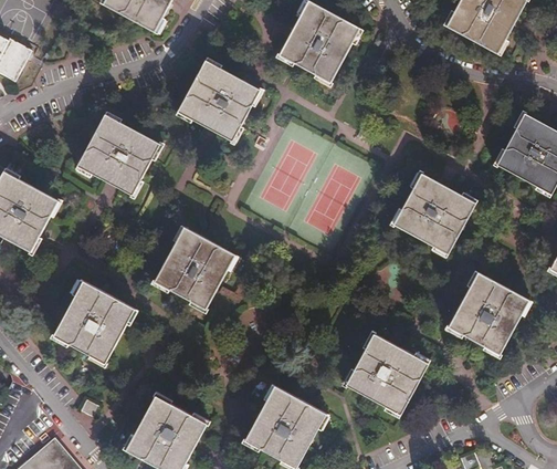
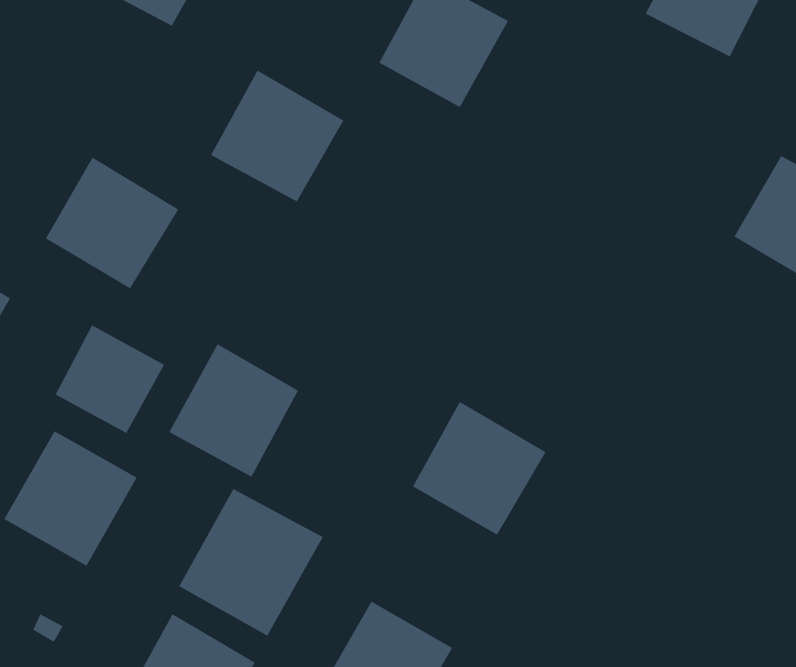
building: [393,174,475,253] -> none
building: none -> [55,324,165,434]
building: [449,273,528,354] -> none
building: none -> [179,488,324,637]
building: [348,333,430,415] -> [412,401,546,535]

